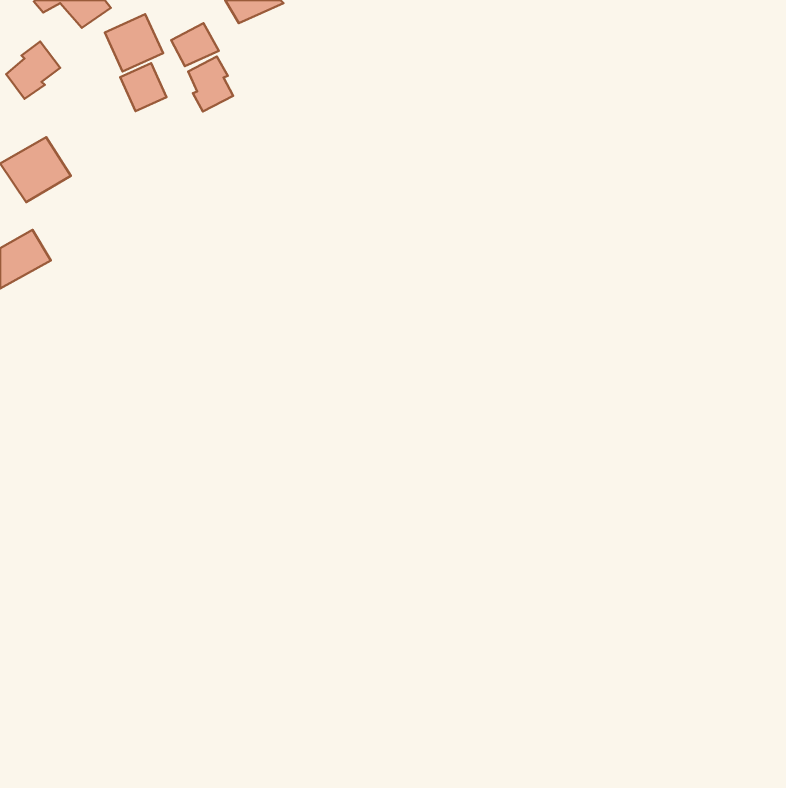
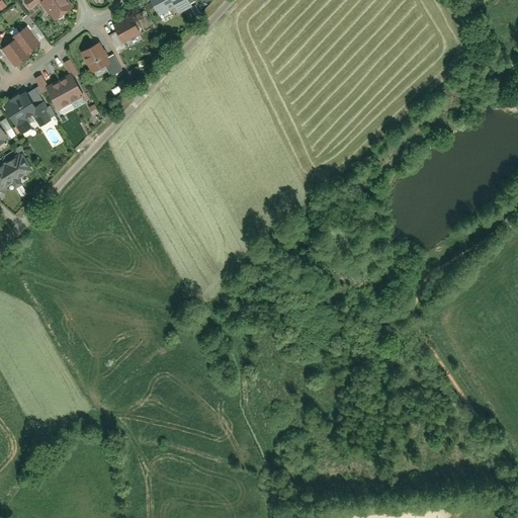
building: [105,14,163,72] -> none
building: [188,57,233,112] -> none
building: none -> [42,69,84,110]

